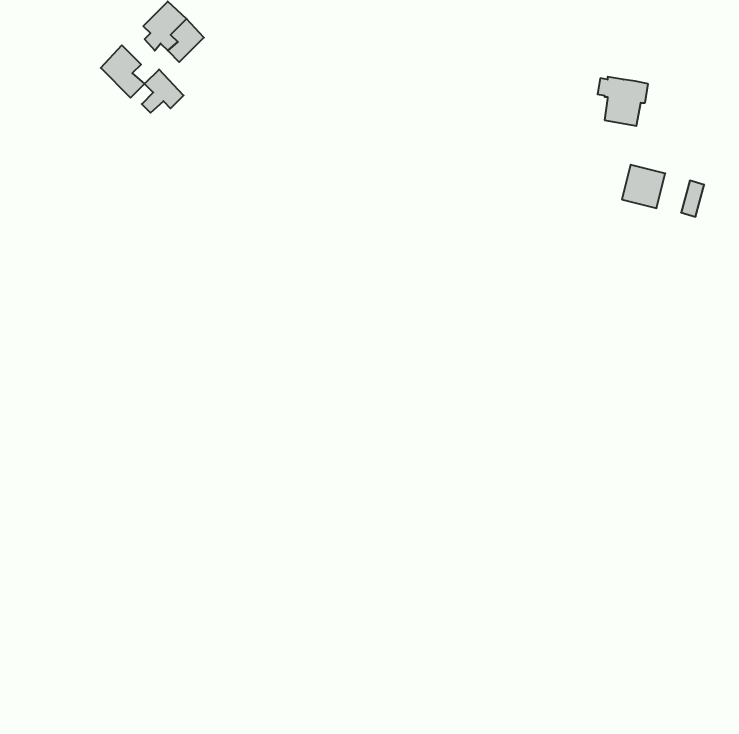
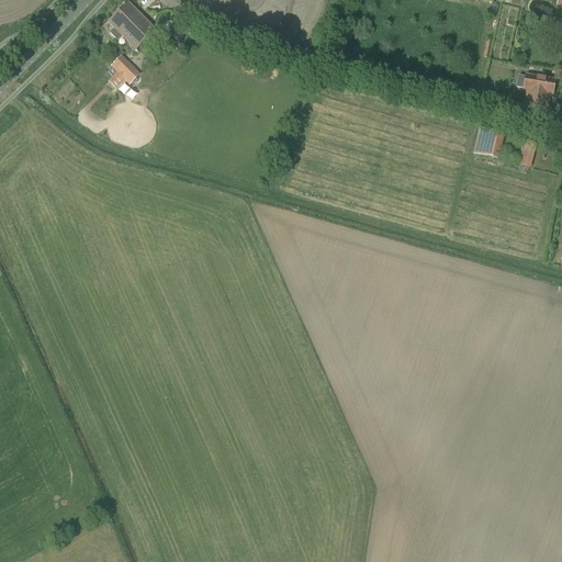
building: [101,45,145,98] -> none
building: [597,77,648,126] -> [517,72,555,110]

